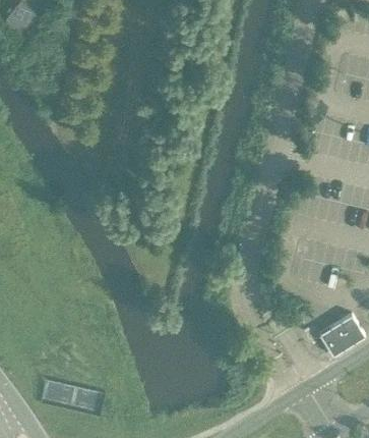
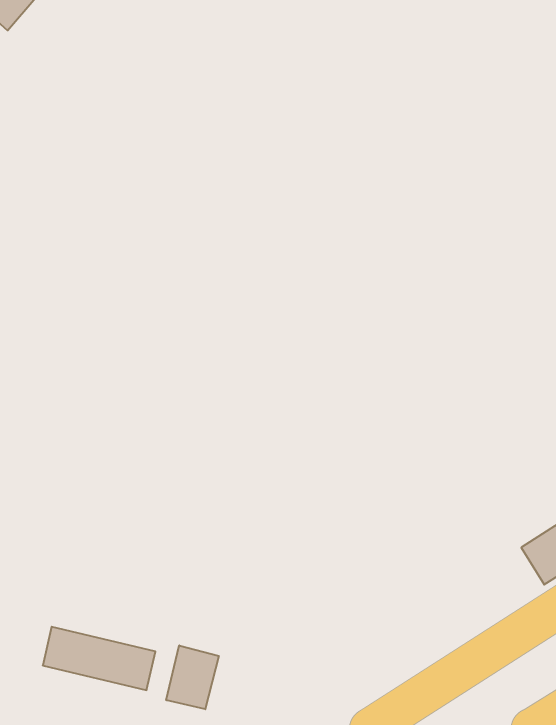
building: none -> [166,645,219,709]

